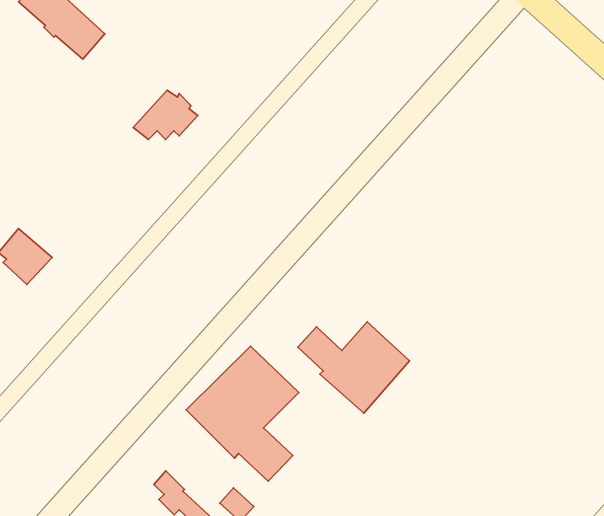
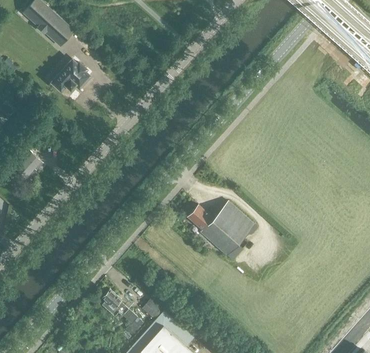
building: [133,90,198,139] -> [51,61,89,90]
building: [186,346,299,481] -> none

